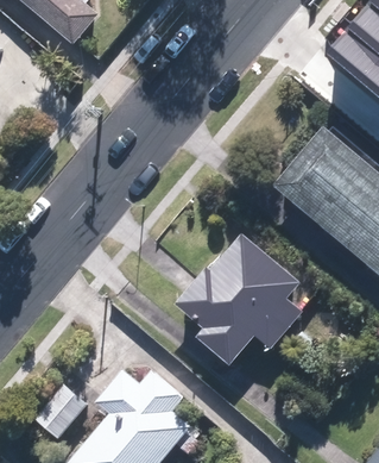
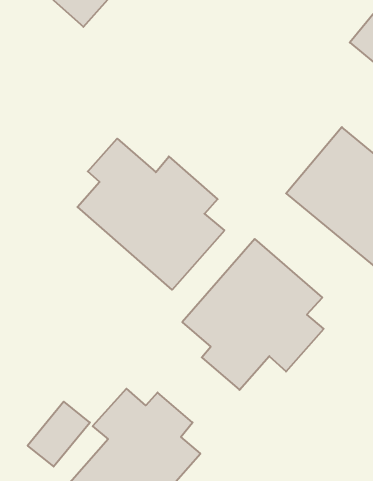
building: none -> [77,139,224,290]

